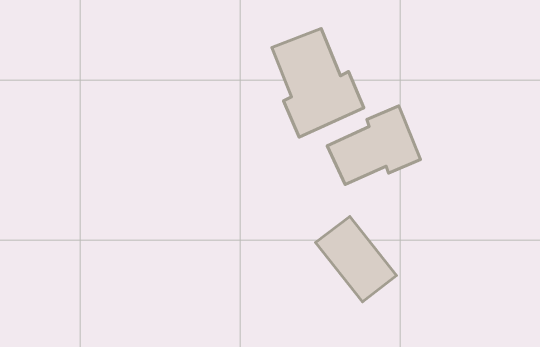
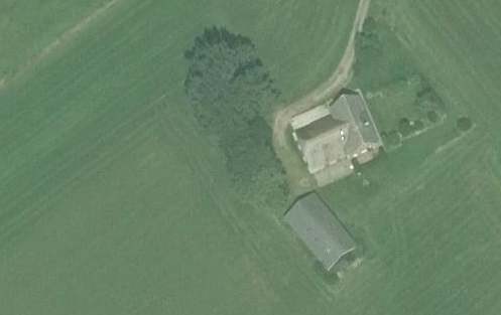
building: [272,28,364,137] -> none

